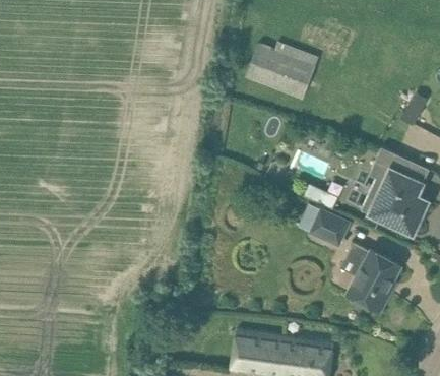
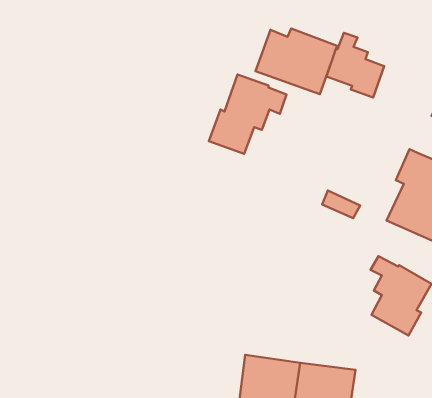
building: none -> [326,33,384,98]
building: none -> [209,75,287,154]
building: [310,210,350,246] -> none

